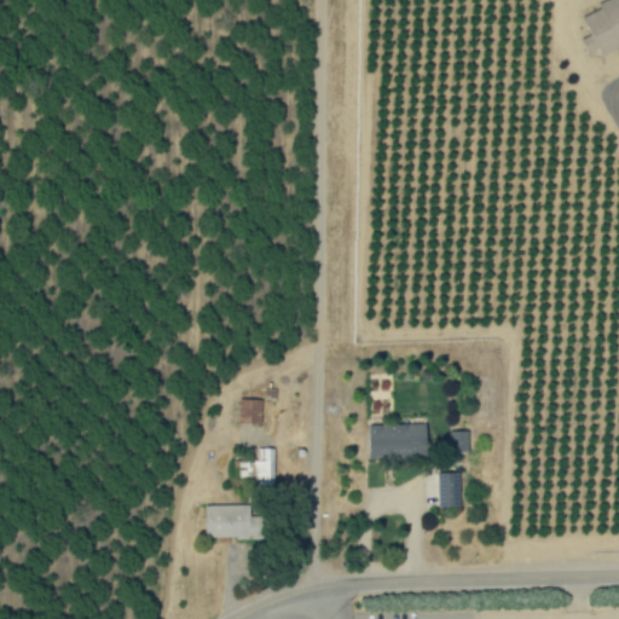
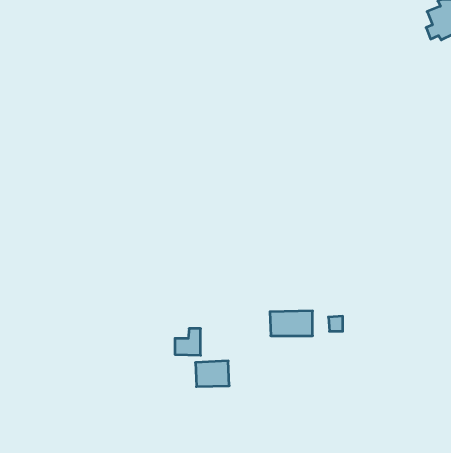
building: [242,398,265,422] -> none
building: [440,472,463,505] -> none
building: [208,503,254,538] -> [195,361,229,387]

